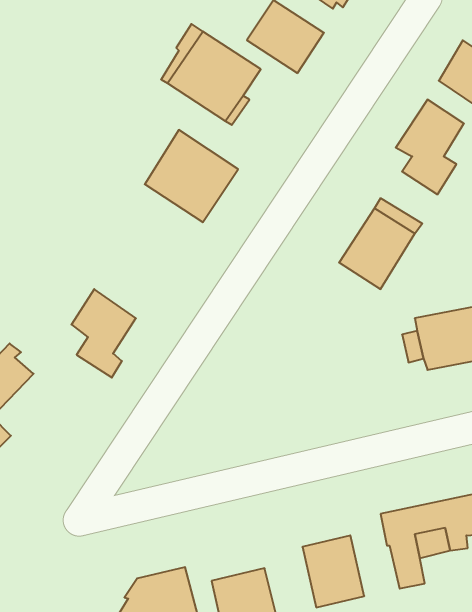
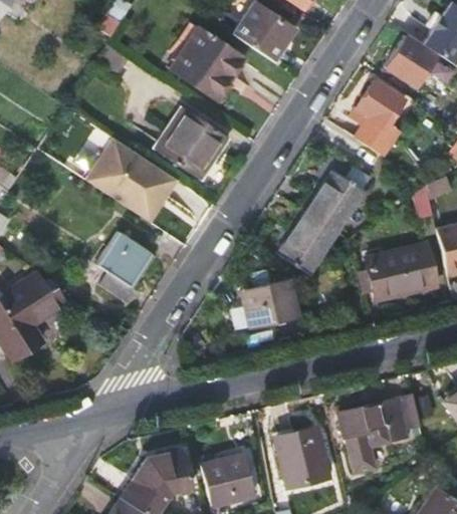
building: none -> [85,138,173,220]
building: none -> [280,211,339,273]
building: none -> [243,280,303,327]

